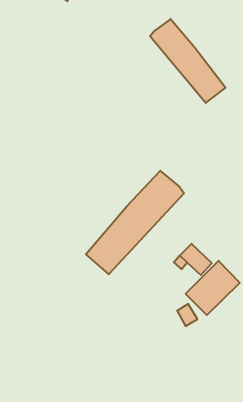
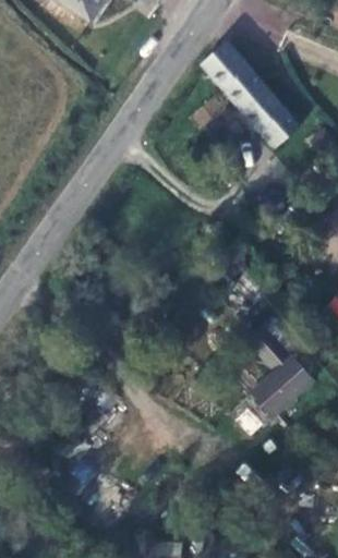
building: [86,171,184,274] -> none

